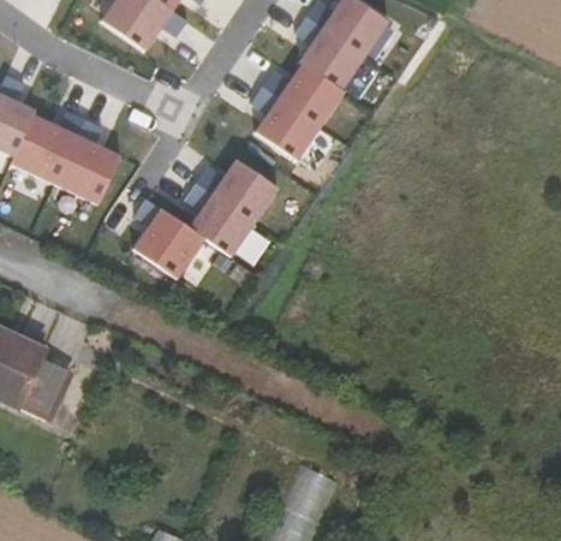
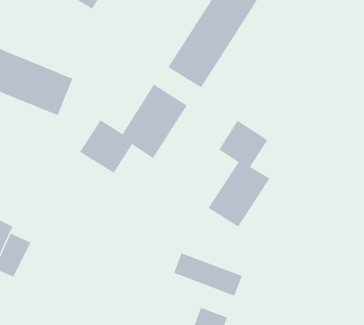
building: none -> [208,120,270,228]
building: none -> [174,252,242,296]

